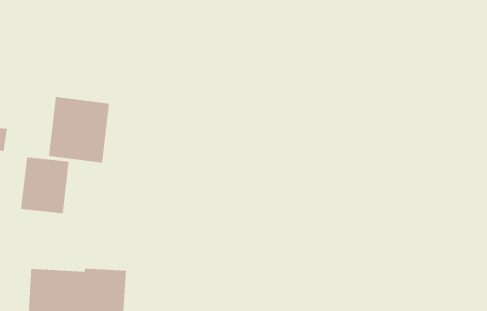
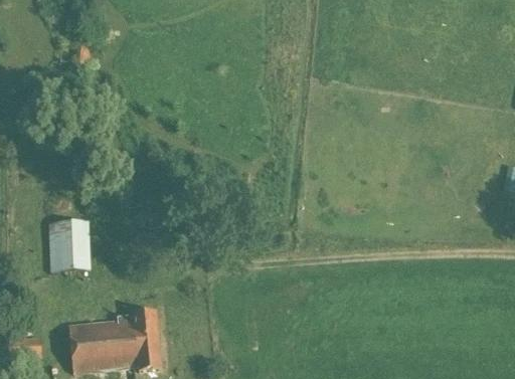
building: [48,96,110,164] -> none

